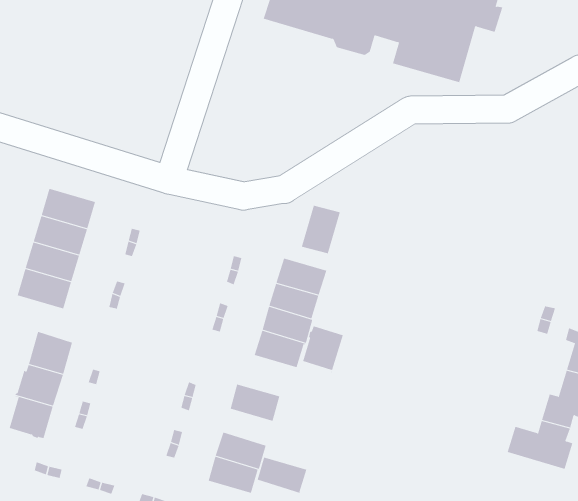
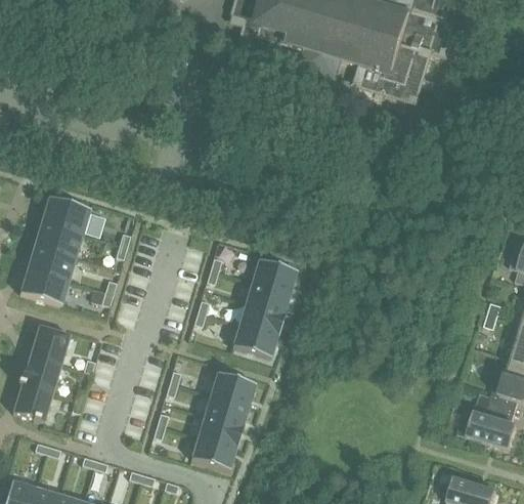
building: [301,205,340,254] -> none
building: [302,325,343,375] -> none
building: [257,457,307,493] -> [205,393,250,426]

